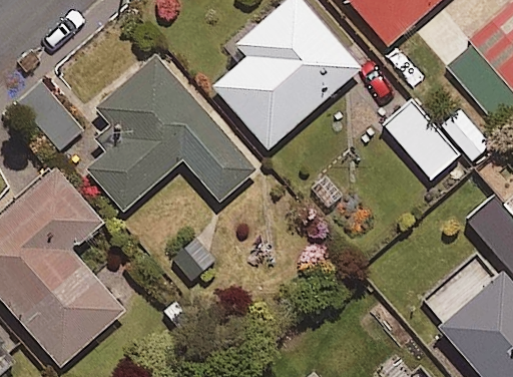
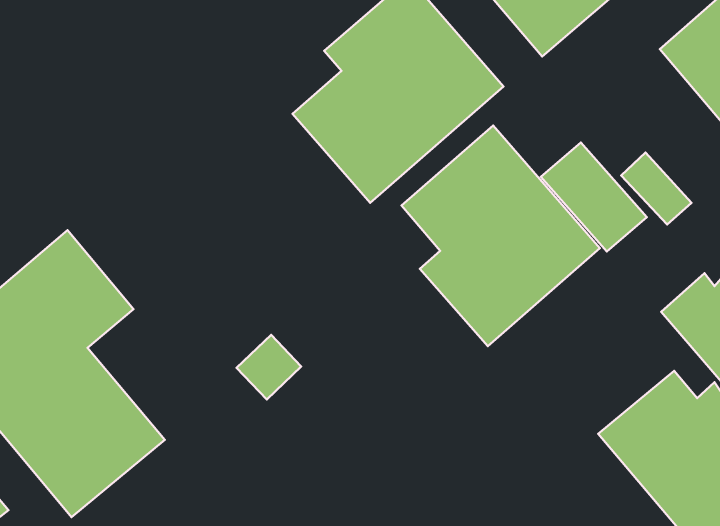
building: [88,54,254,211] -> none
building: none -> [401,126,600,346]

